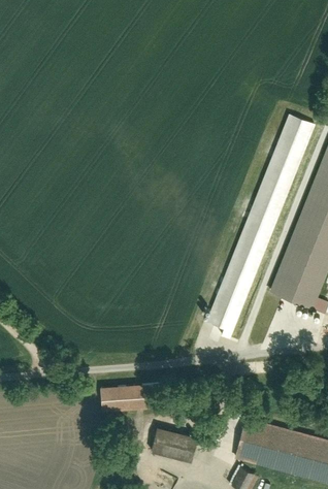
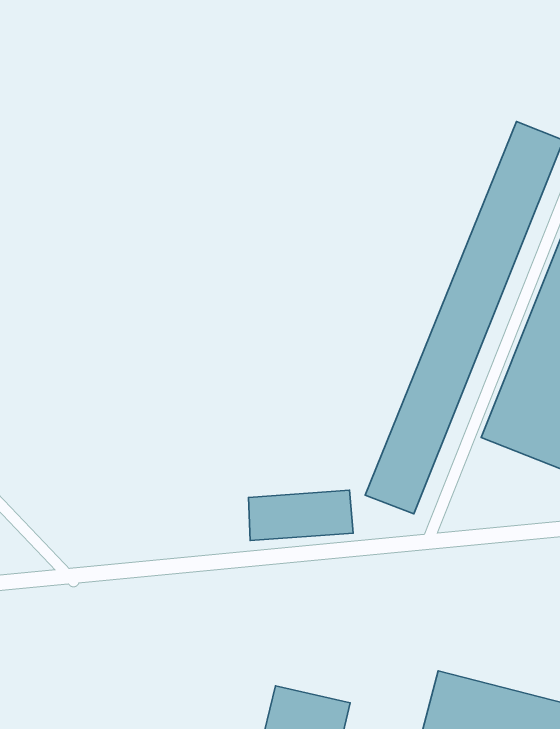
building: [99,384,157,412] -> [248,490,353,541]

